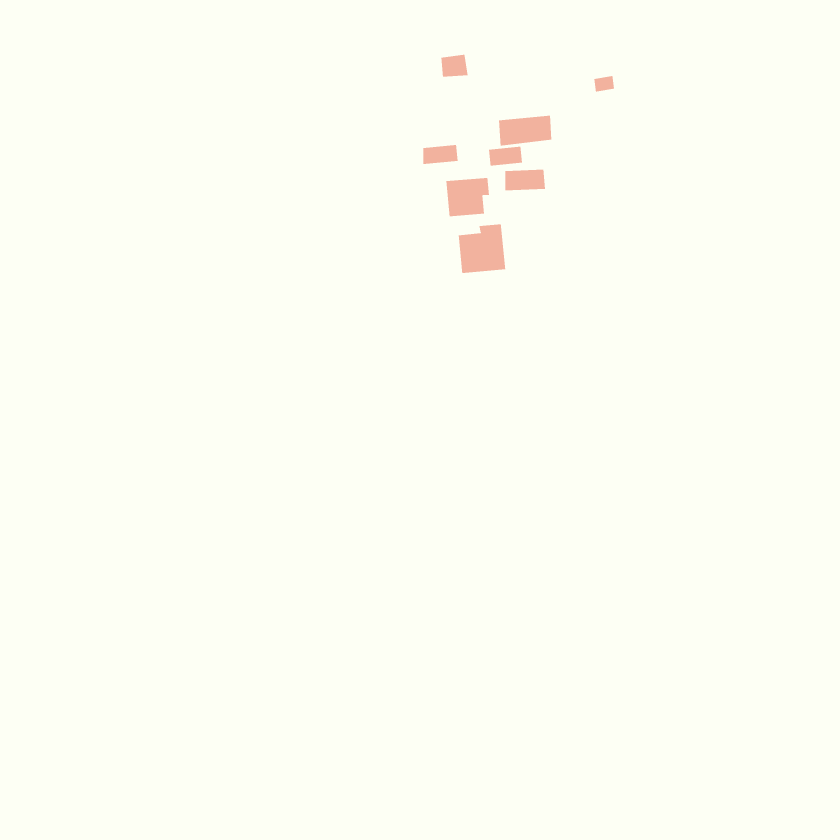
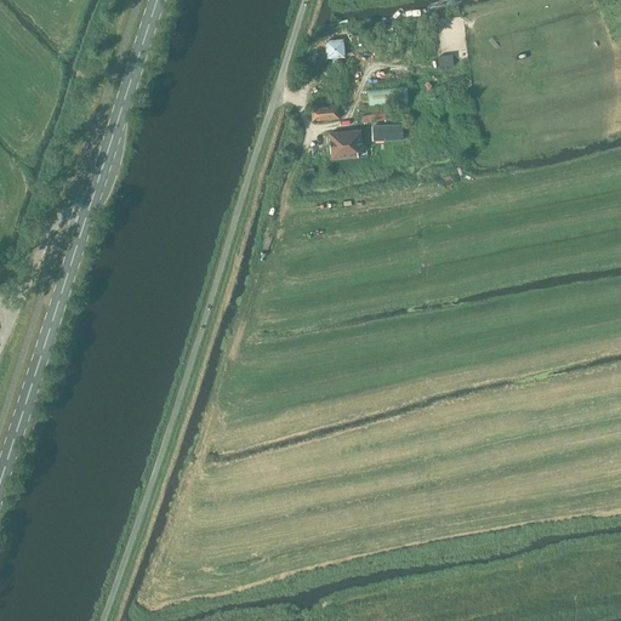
building: [458,224,506,274] -> none

